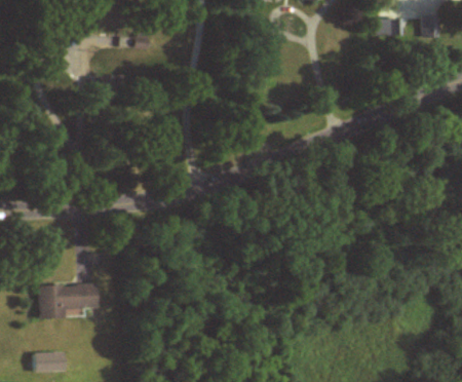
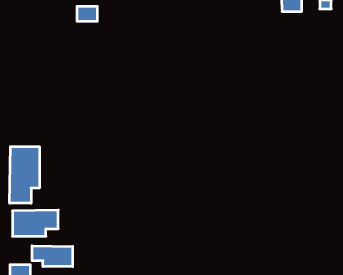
building: none -> [10,147,39,203]
building: none -> [32,246,73,267]

